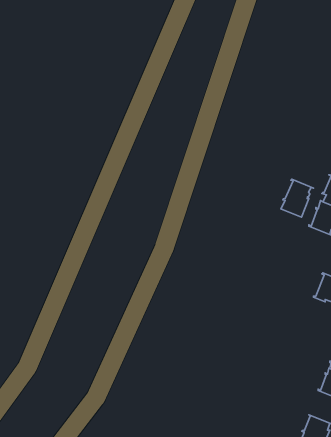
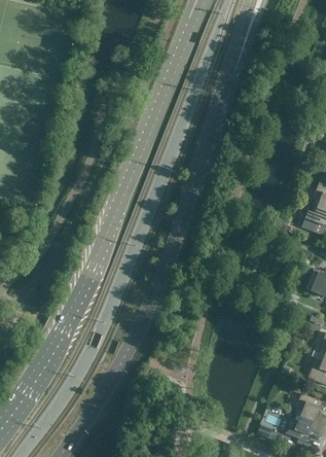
building: [281,179,313,217] -> none

